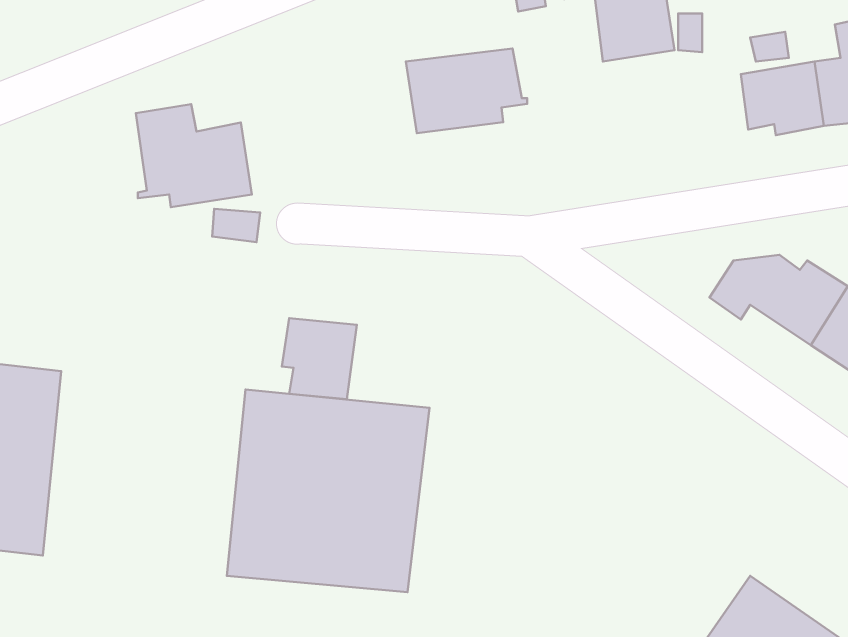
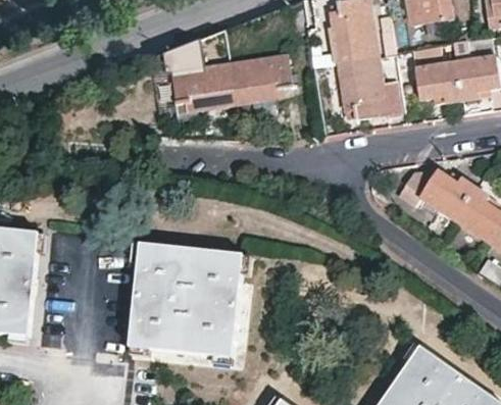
building: none -> [339,56,400,122]
building: [136,104,252,207] -> [171,52,236,109]
building: [282,318,357,399] -> none

